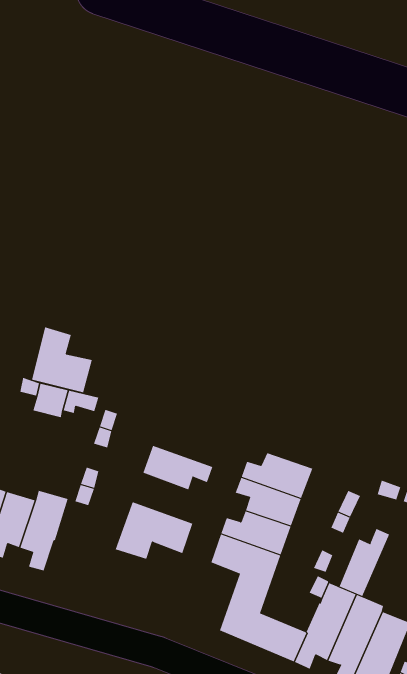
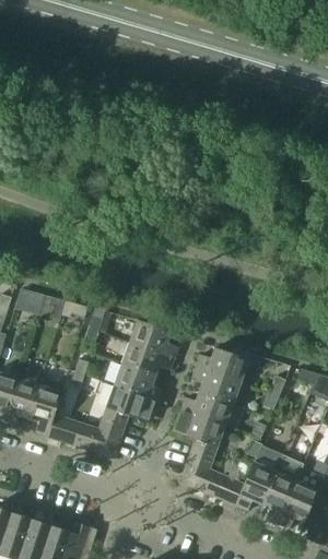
building: [32,326,93,393] -> none
building: none -> [128,319,178,358]
building: none -> [113,362,163,401]
building: [339,528,390,597] -> none
building: none -> [46,414,124,459]

